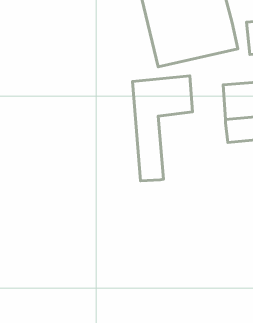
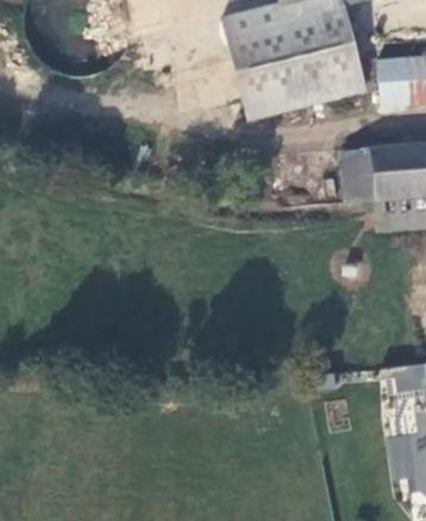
building: [132,76,192,181] -> none

